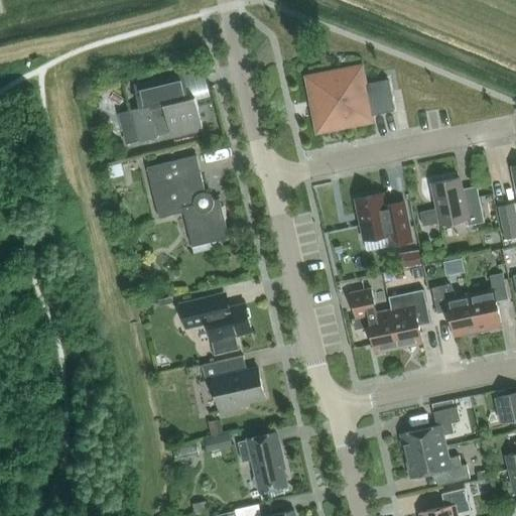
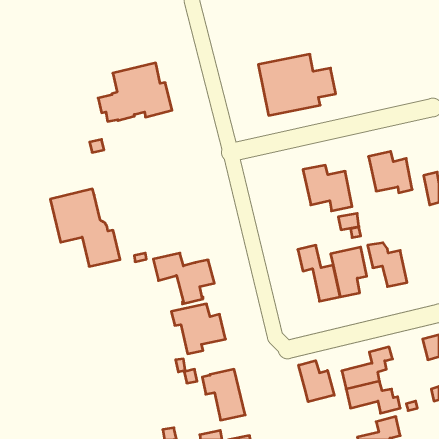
building: [146,156,228,247] -> [50,189,120,266]
building: [469,274,507,332] -> none
building: none -> [299,361,334,402]

